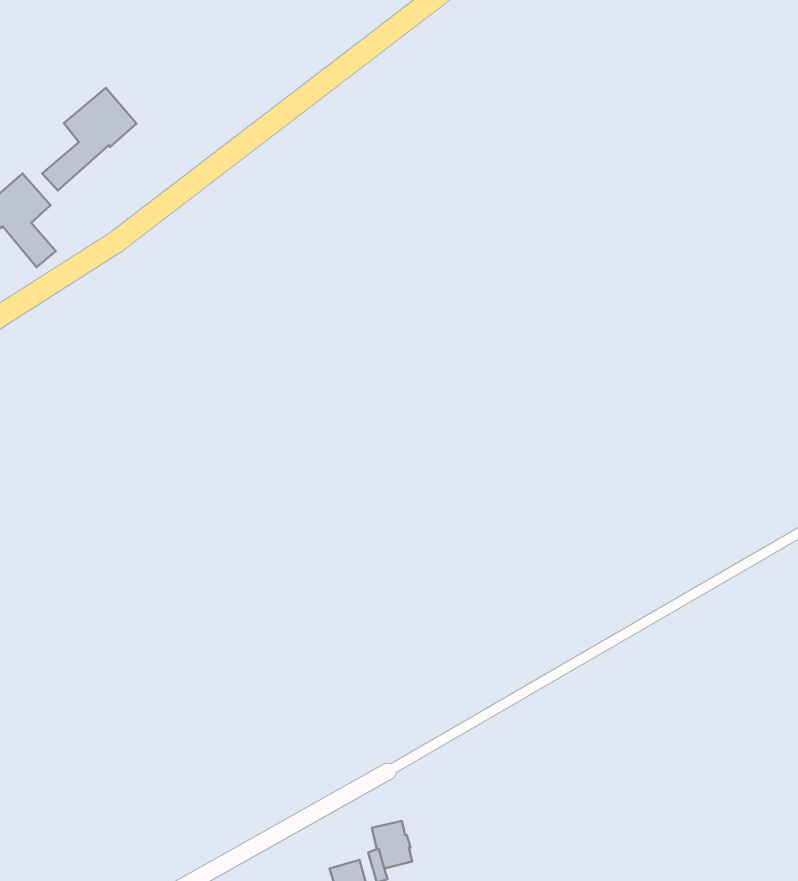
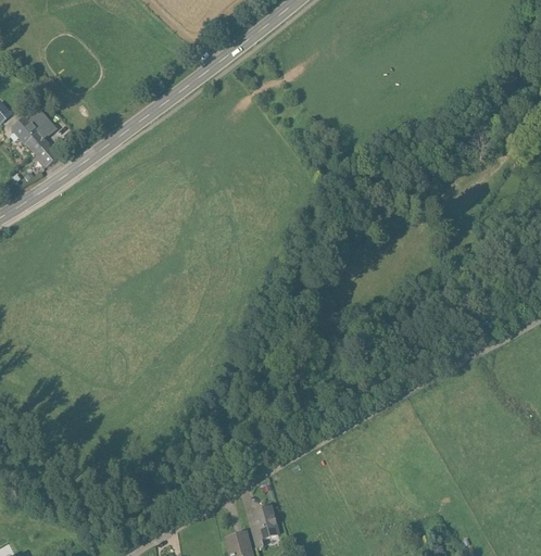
building: [42,88,137,191] -> none

